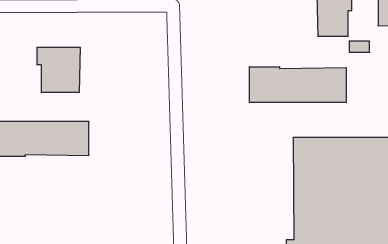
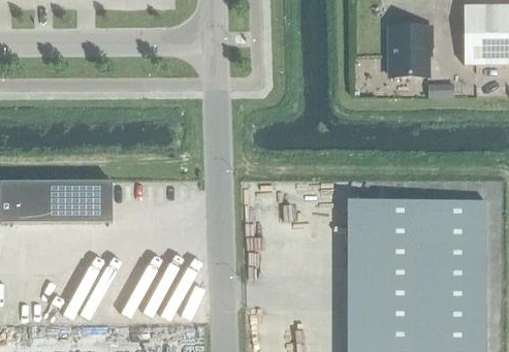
building: [37,47,80,93] -> none
building: [249,67,346,103] -> none

